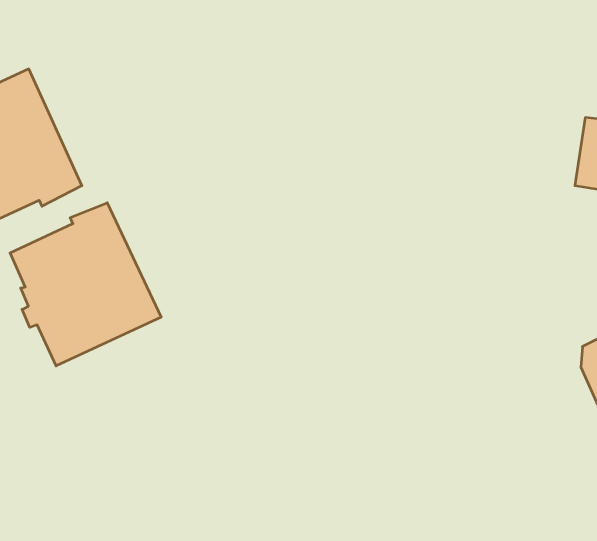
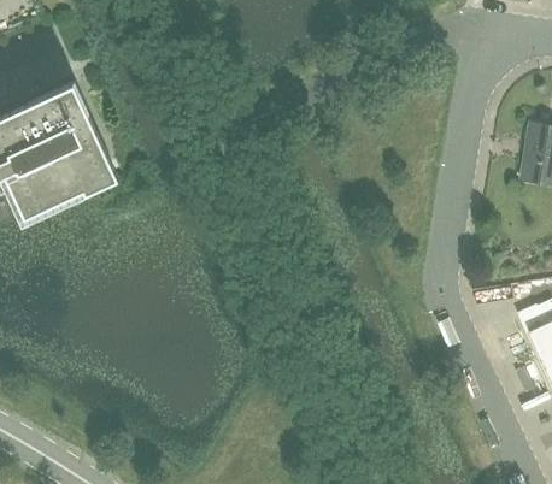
building: [10,203,161,366] -> none

